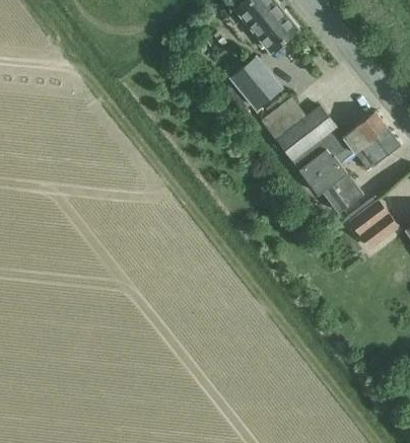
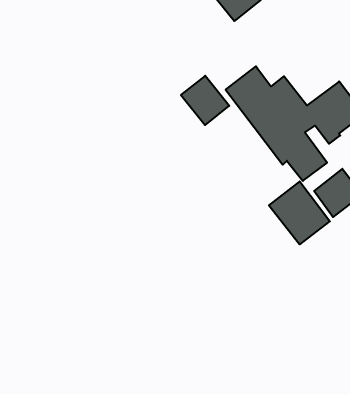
building: [230,58,279,107] -> [181,76,229,125]
building: none -> [269,181,330,244]

